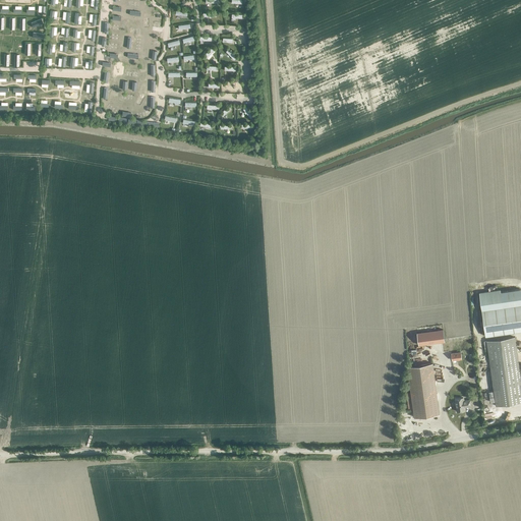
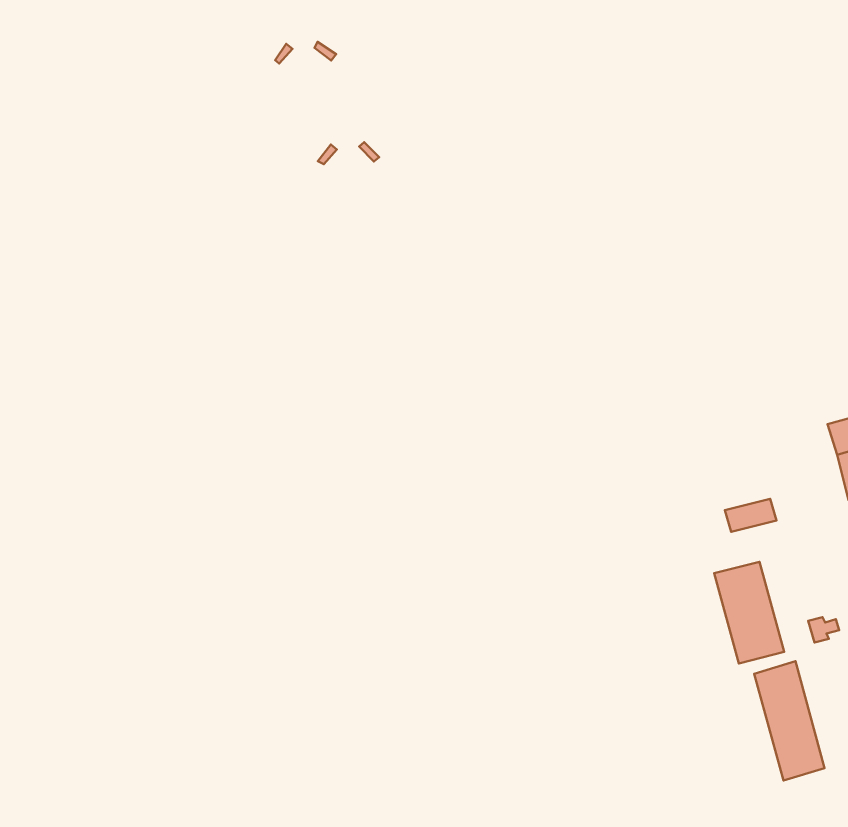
building: none -> [754,661,825,780]

